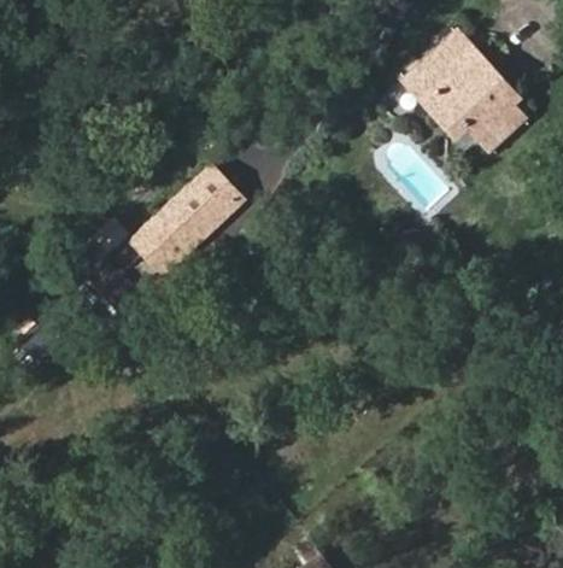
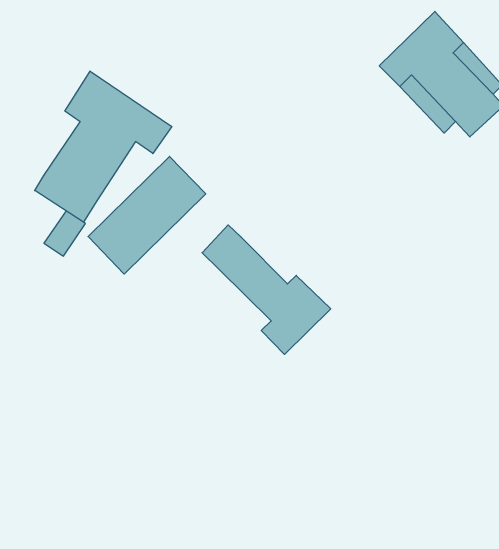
building: none -> [35,71,172,222]
building: none -> [202,225,331,354]

